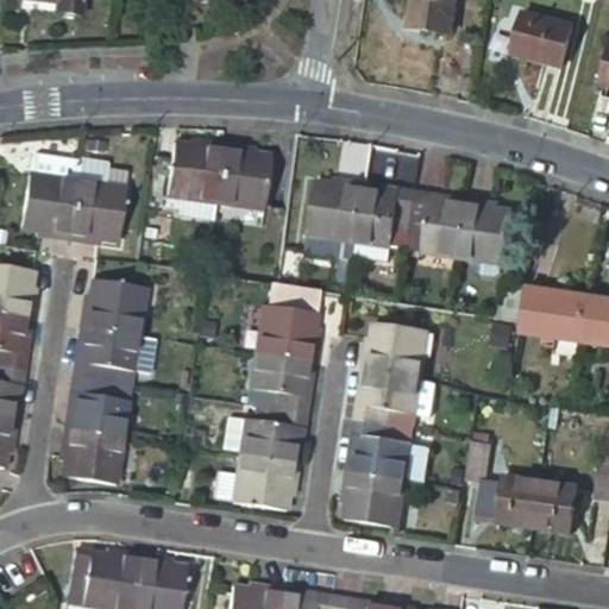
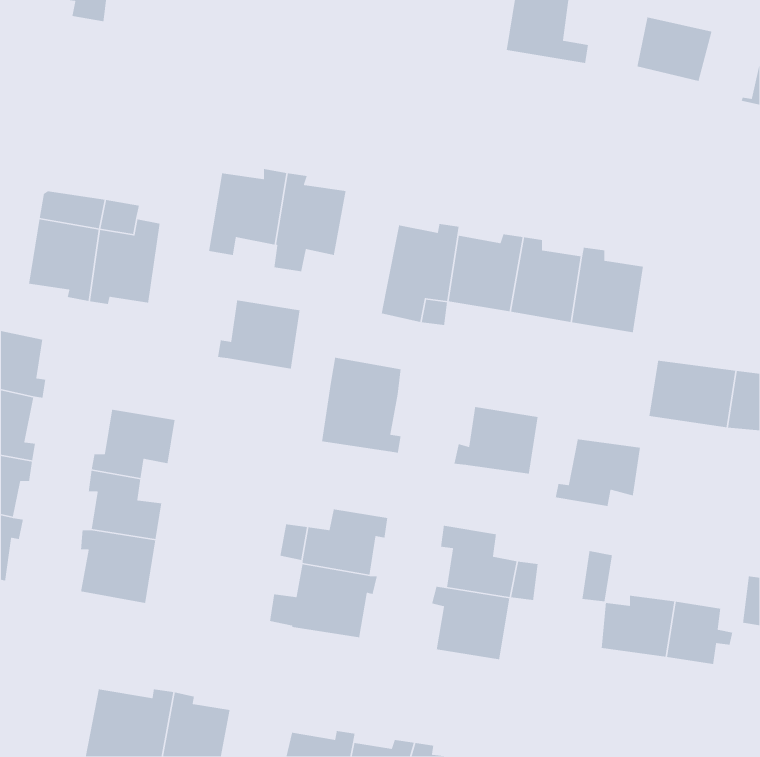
building: [81,280,147,335] -> [217,299,300,369]
building: [251,353,312,414] -> none
building: [354,372,423,427] -> [555,438,641,507]

